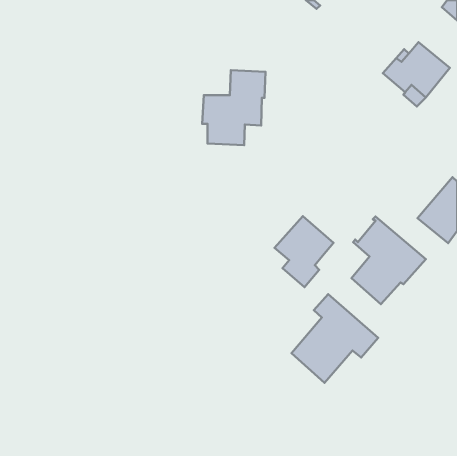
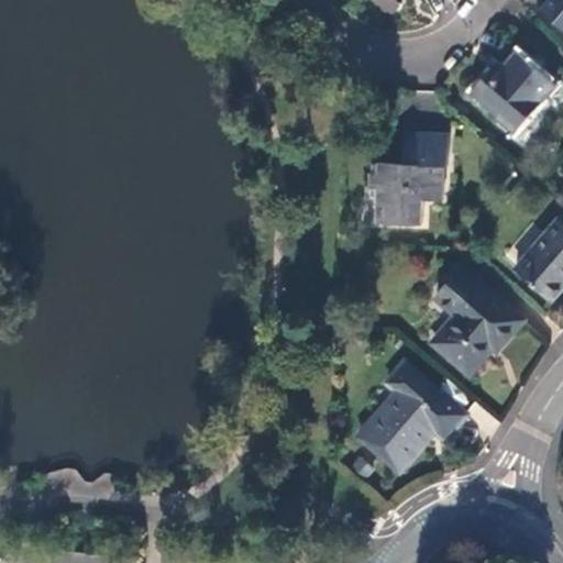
building: [202,70,266,145] -> [368,133,446,225]
building: [275,216,334,287] -> none

